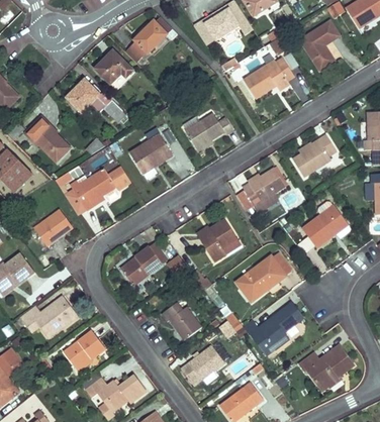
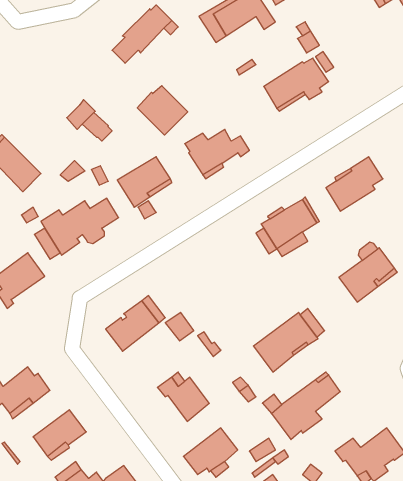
building: [300,21,339,71] -> none
building: [95,51,134,90] -> [137,86,188,135]
building: [66,80,100,112] -> none
building: [197,219,243,261] -> none

